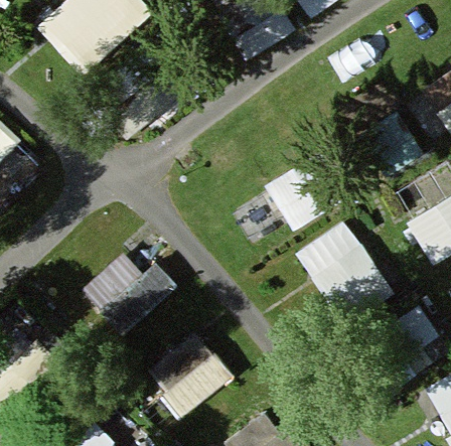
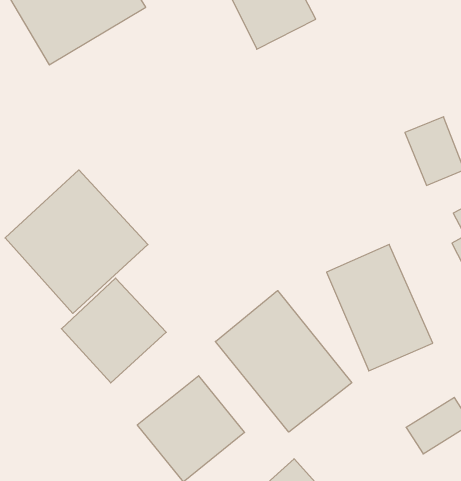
building: none -> [5,170,148,313]
building: none -> [215,291,352,432]

